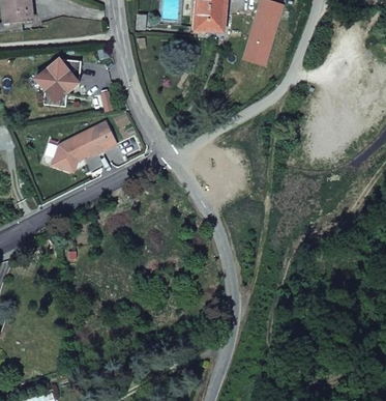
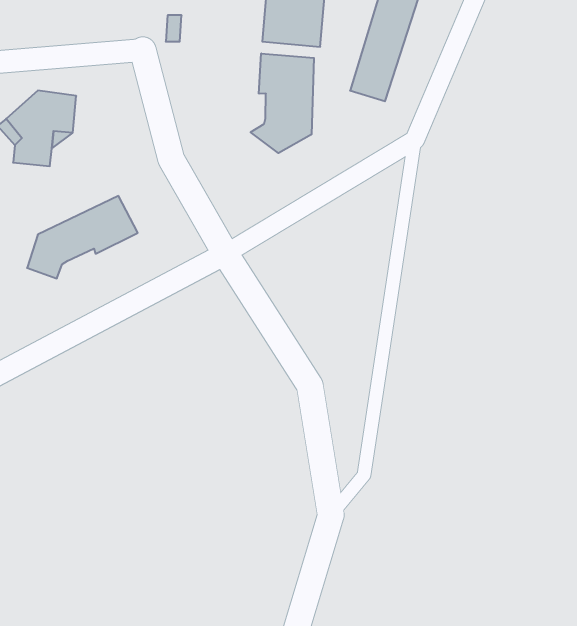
building: none -> [251,53,314,153]

